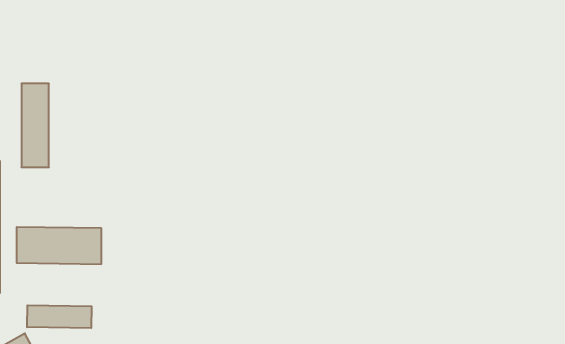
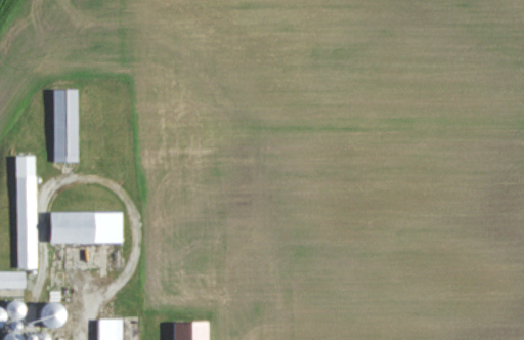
building: [27,305,92,328] -> none

